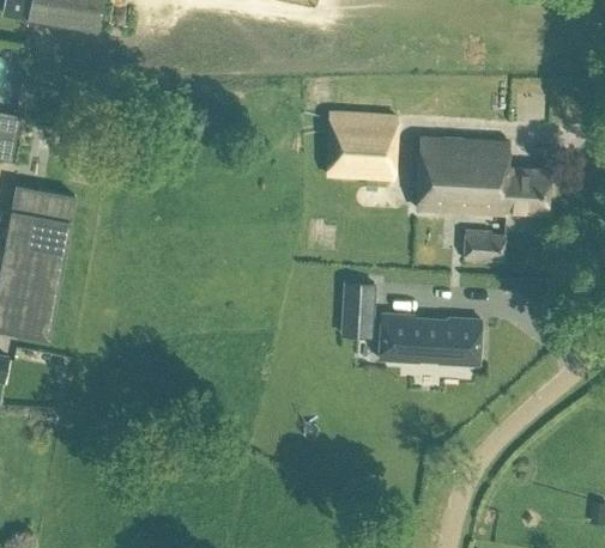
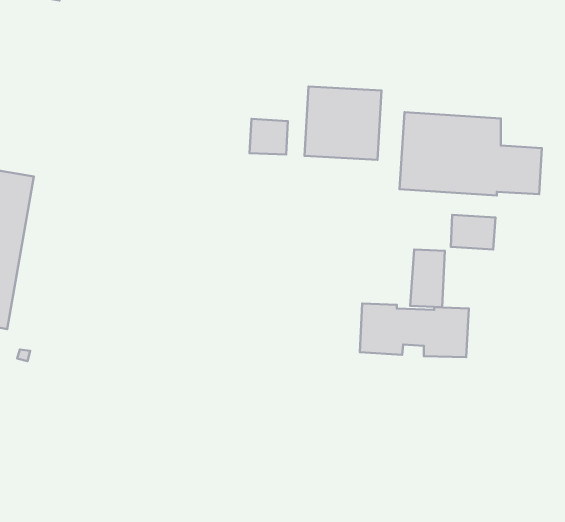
building: none -> [250,119,288,155]
building: [340,282,373,336] -> [410,250,445,307]

